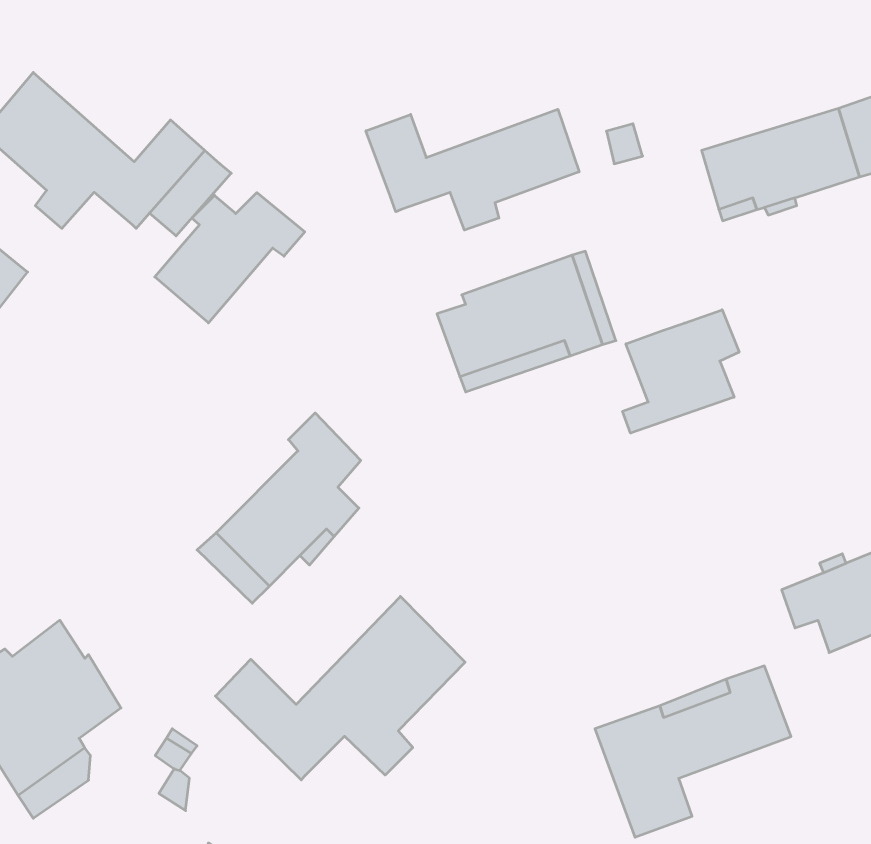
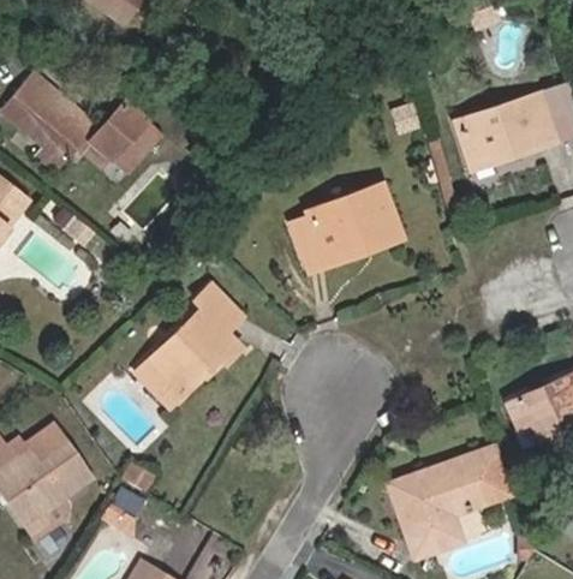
building: [366,109,579,230] -> none
building: [155,193,305,323] -> none
building: [623,310,739,433] -> none
building: [215,596,465,780] -> none

